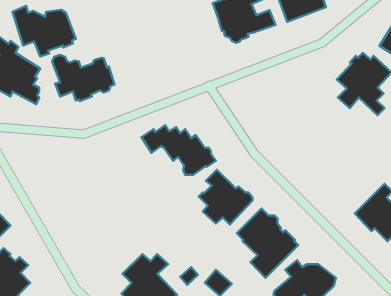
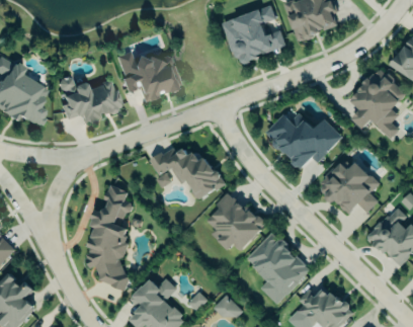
building: [12,6,76,57] -> [115,50,180,101]
building: none -> [264,111,342,168]
building: none -> [320,162,380,214]
building: none -> [85,182,132,290]

